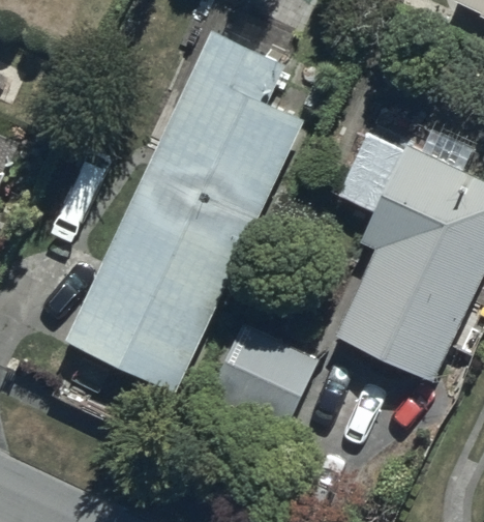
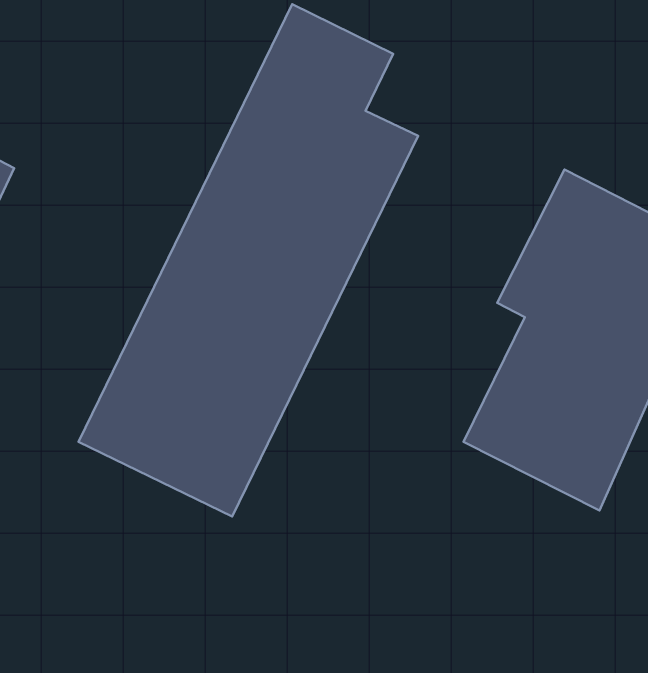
building: [200,327,315,439] -> none

